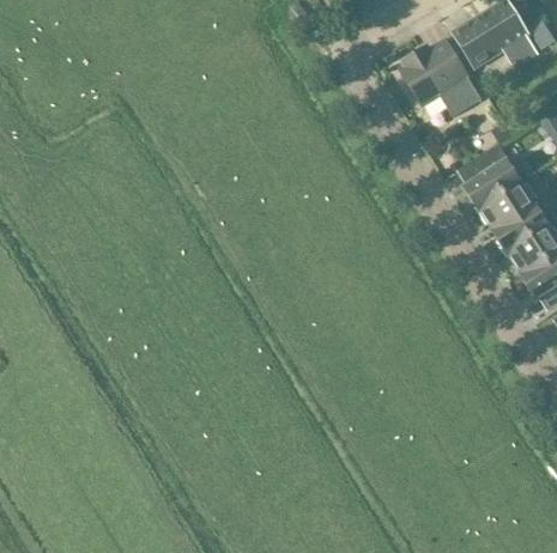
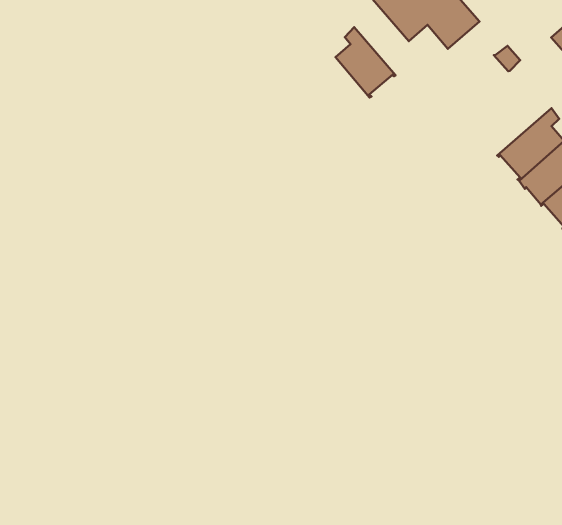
building: none -> [336,27,396,98]
building: [464,144,528,207] -> none

